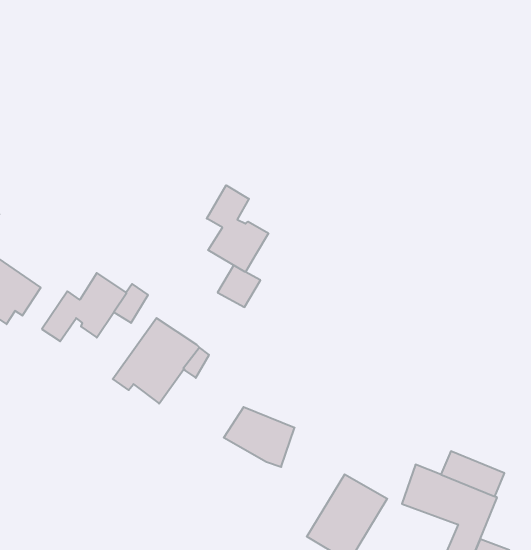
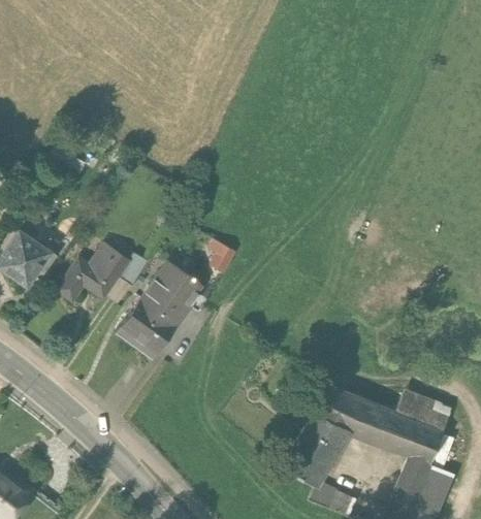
building: [207,185,268,272] -> none
building: none -> [154,262,201,304]
building: [224,407,295,467] -> [313,388,373,439]

